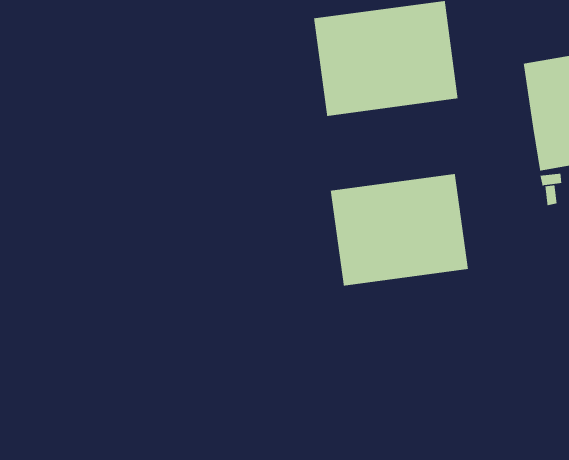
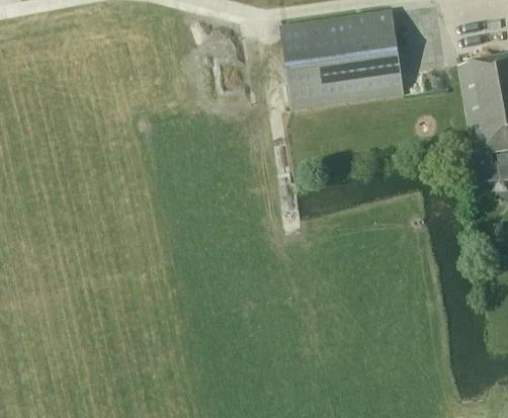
building: [330,173,469,287] -> none

